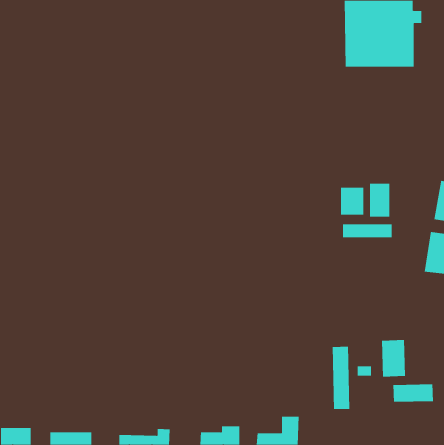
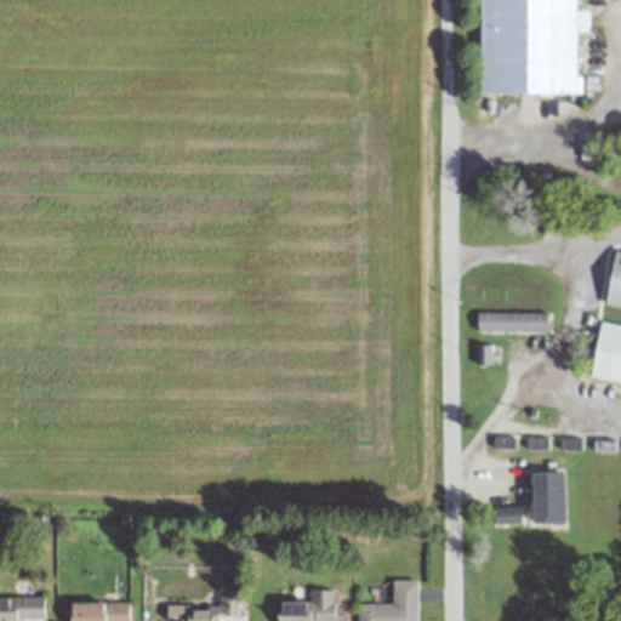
building: [370,183,390,218] -> none
building: [340,187,364,215] -> none
building: [332,346,350,410] -> none
building: [393,384,433,403] -> none

